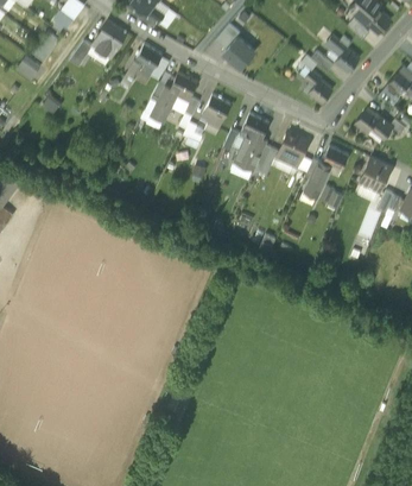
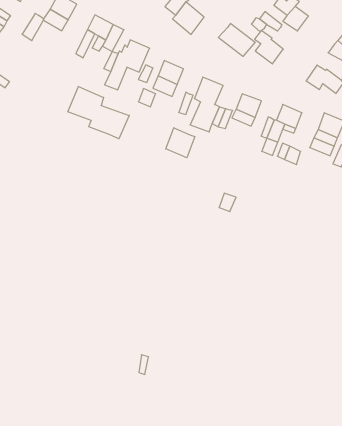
building: none -> [218,23,255,56]
building: none -> [68,86,129,139]
building: none -> [166,128,195,158]

